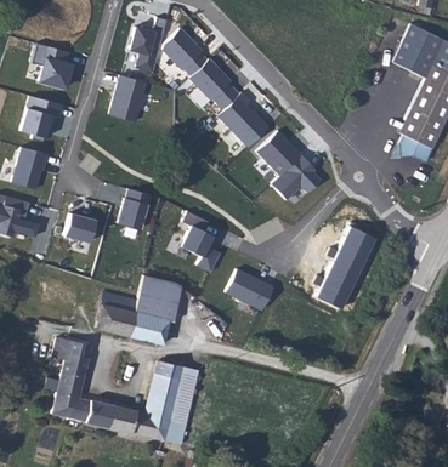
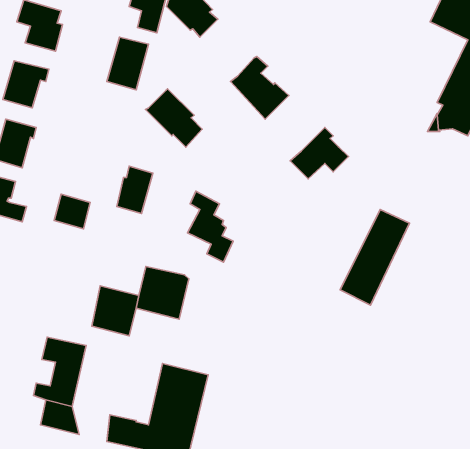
building: [188,58,238,109] -> [145,89,202,147]
building: [255,130,301,175] -> none
building: [226,269,272,309] -> none
building: [129,312,168,343] -> none
building: [79,398,112,428] -> none

